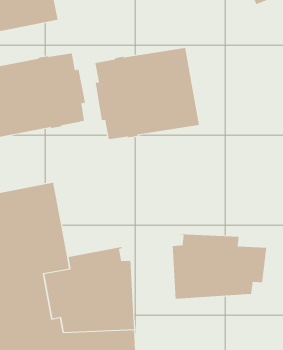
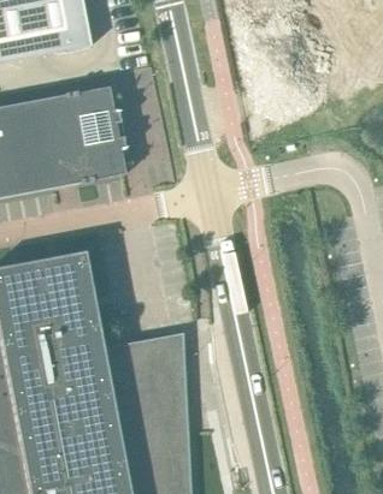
building: [95,47,199,140] -> none
building: [172,234,267,300] -> none

